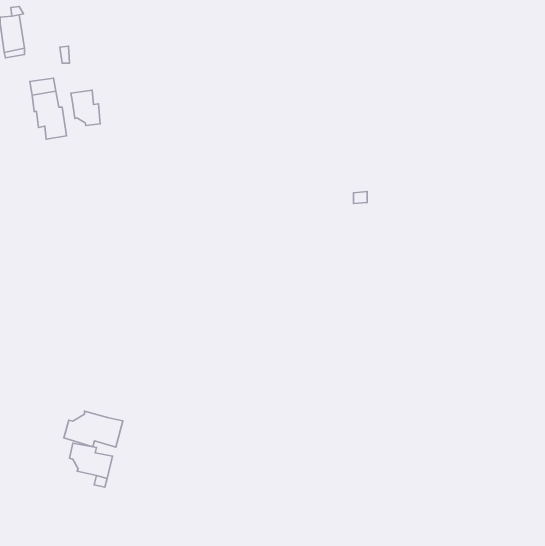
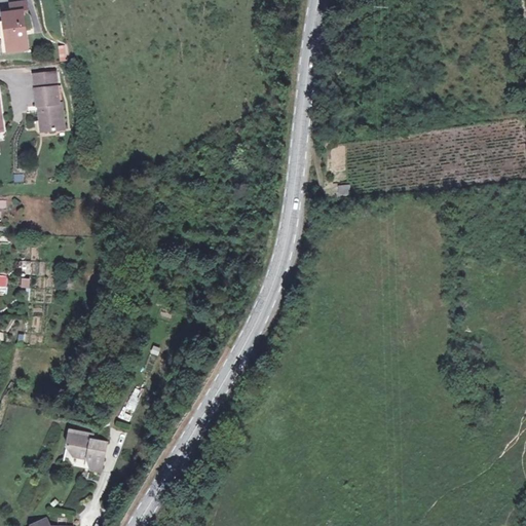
building: [71,90,100,126] -> none
building: [64,411,123,447] -> none

